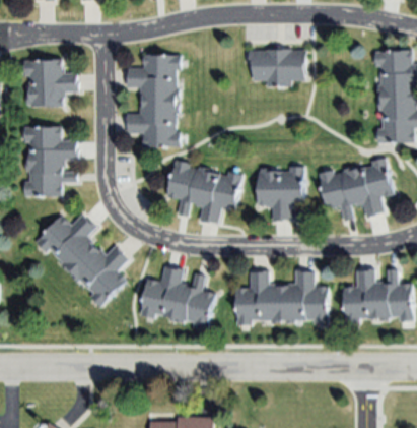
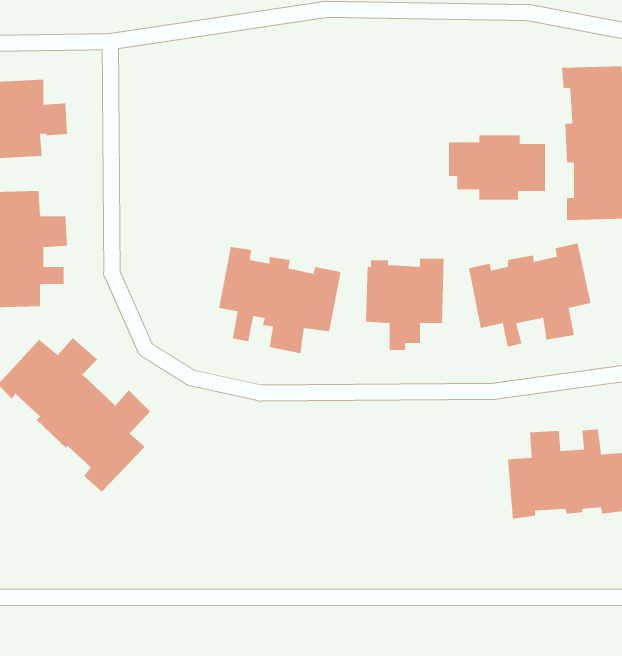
building: [249,46,307,85] -> [448,135,546,200]
building: [126,53,180,146] -> none
building: [138,264,214,329] -> none
building: [235,267,327,324] -> none

